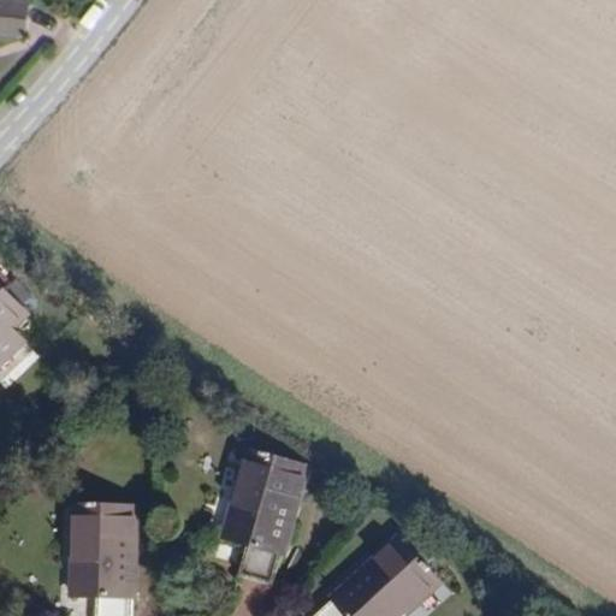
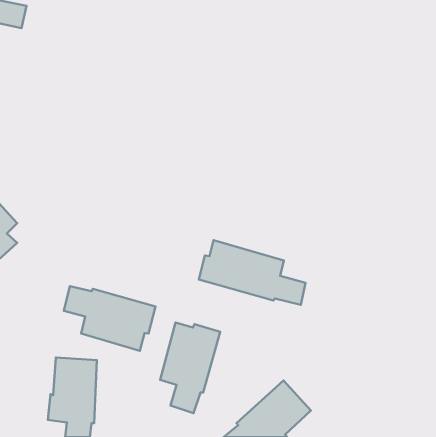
building: none -> [199,240,306,305]
building: none -> [64,286,155,351]

